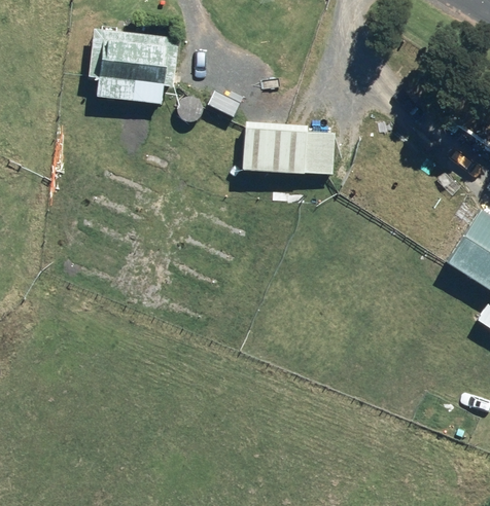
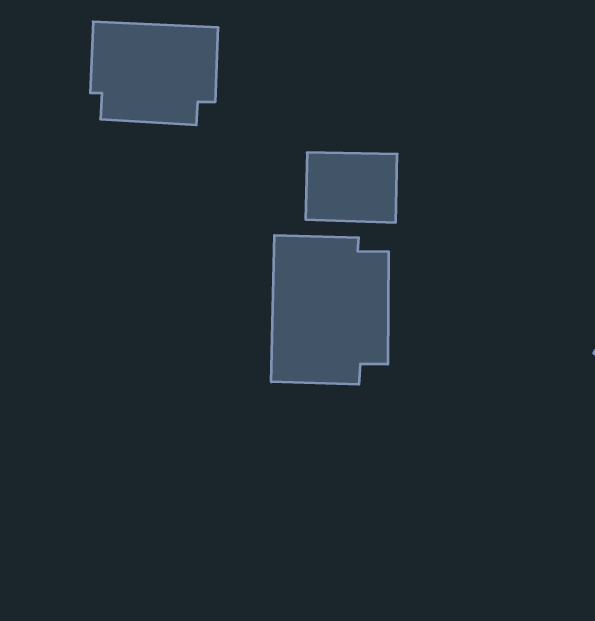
building: none -> [271,235,389,384]

